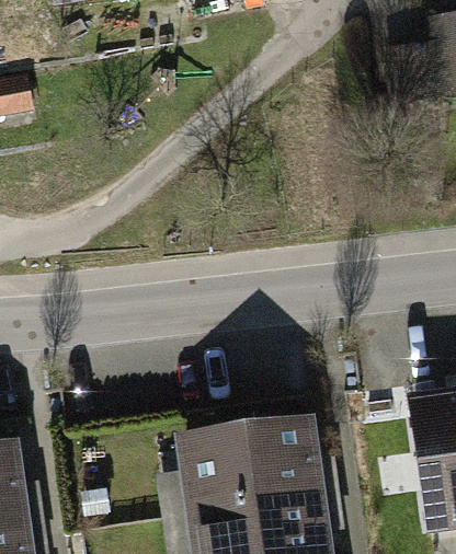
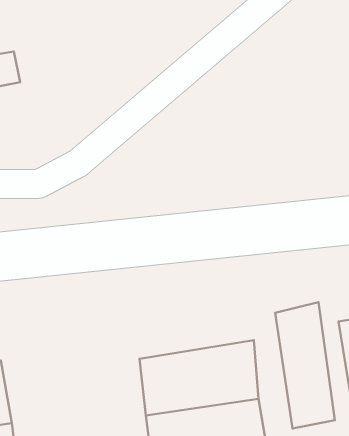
building: none -> [275,302,335,428]

